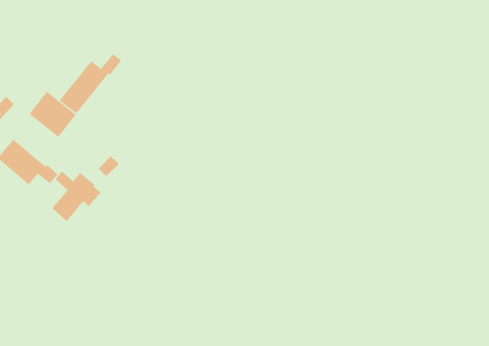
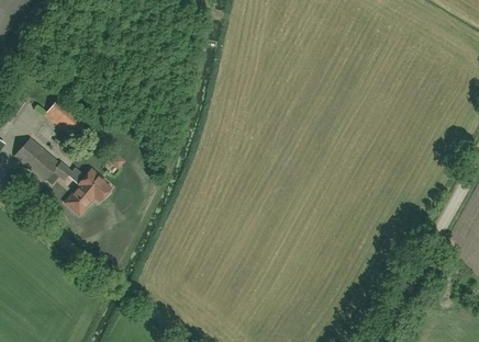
building: [59,54,122,114] -> none

